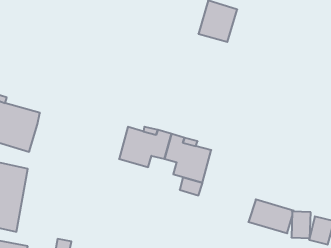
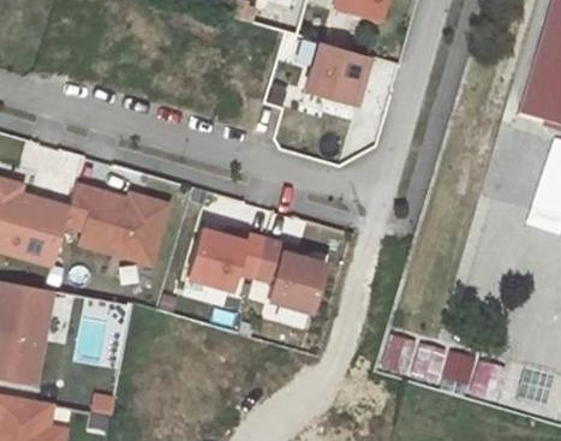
building: none -> [66,184,167,262]

